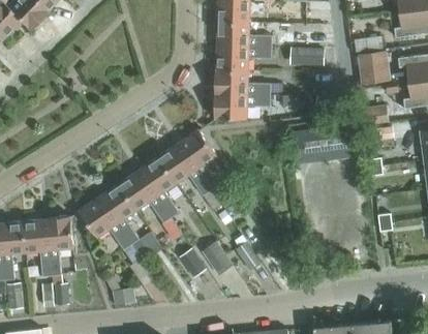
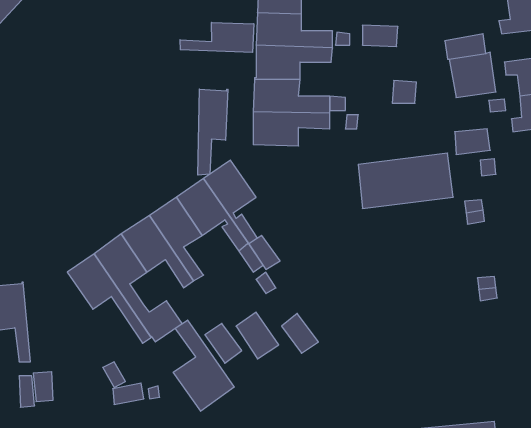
building: none -> [180,22,254,52]
building: [291,48,324,65] -> none
building: none -> [198,89,228,175]
building: [47,215,73,276] -> none
building: none -> [173,320,234,411]

